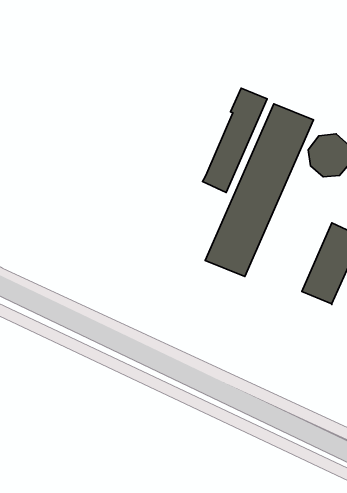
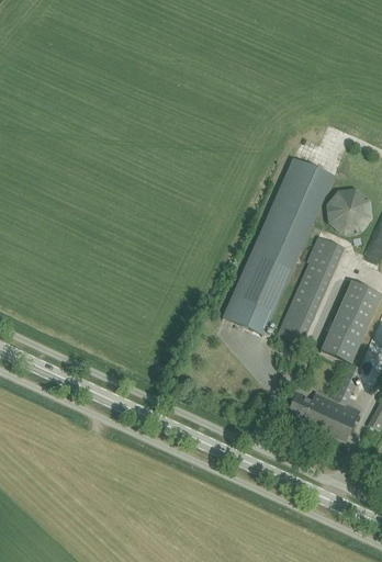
building: [203,88,267,192] -> [278,236,344,342]
building: none -> [288,362,362,440]

